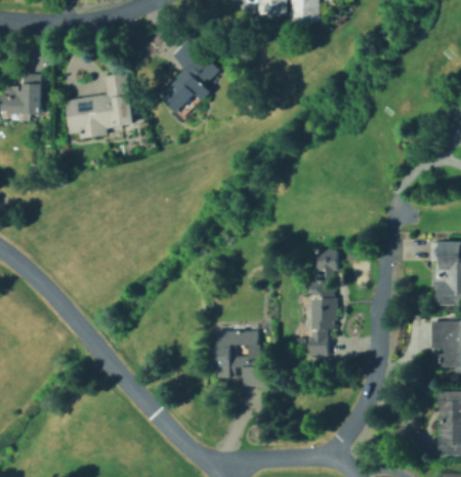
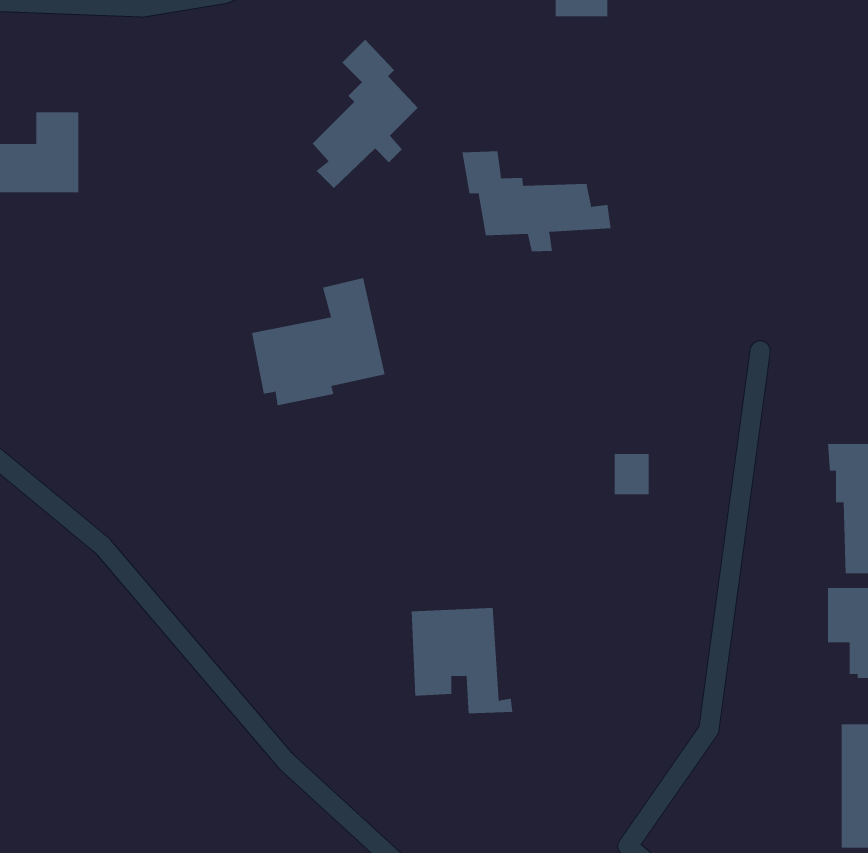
building: [67,73,136,140] -> [251,278,385,406]
building: none -> [462,151,611,252]
building: [307,279,336,357] -> none

